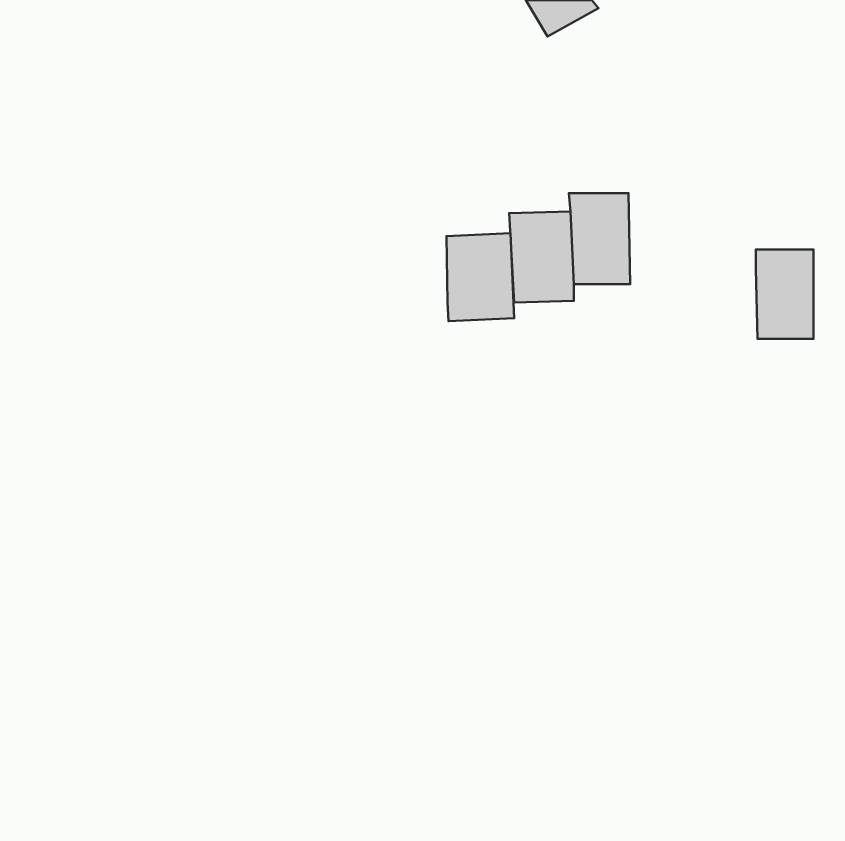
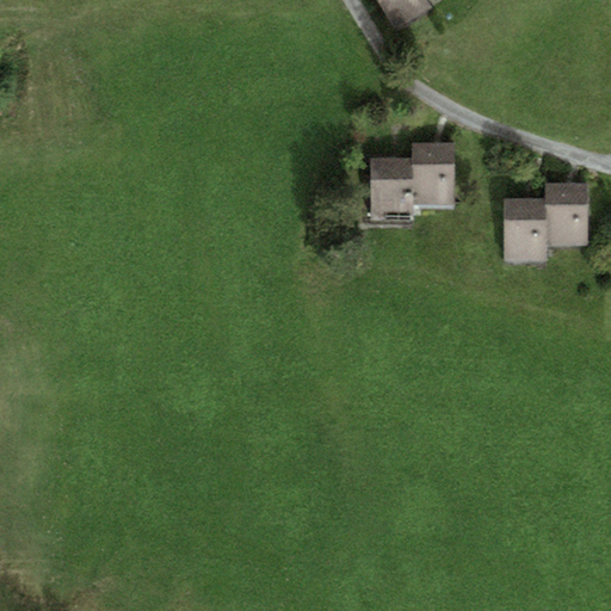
building: [446,233,514,321] -> none
building: none -> [504,197,547,260]

